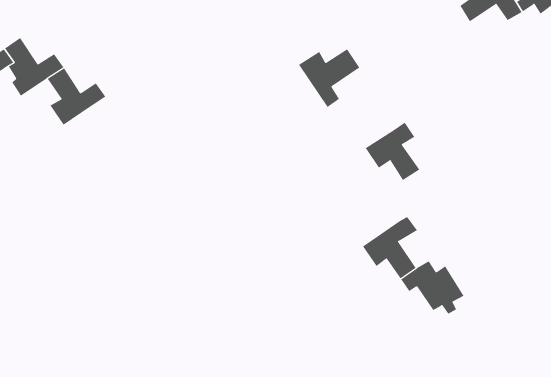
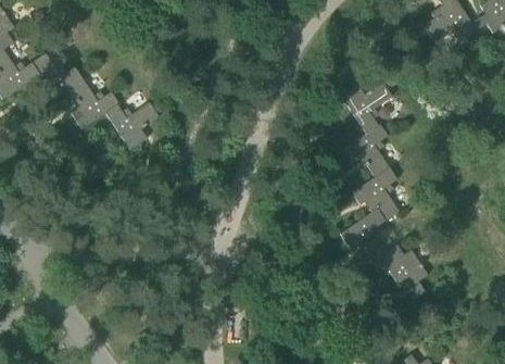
building: [298,49,360,108] -> [341,83,394,134]
building: none -> [106,102,160,150]
building: none -> [352,167,399,219]

